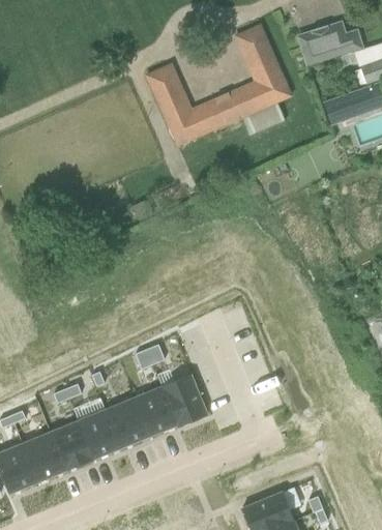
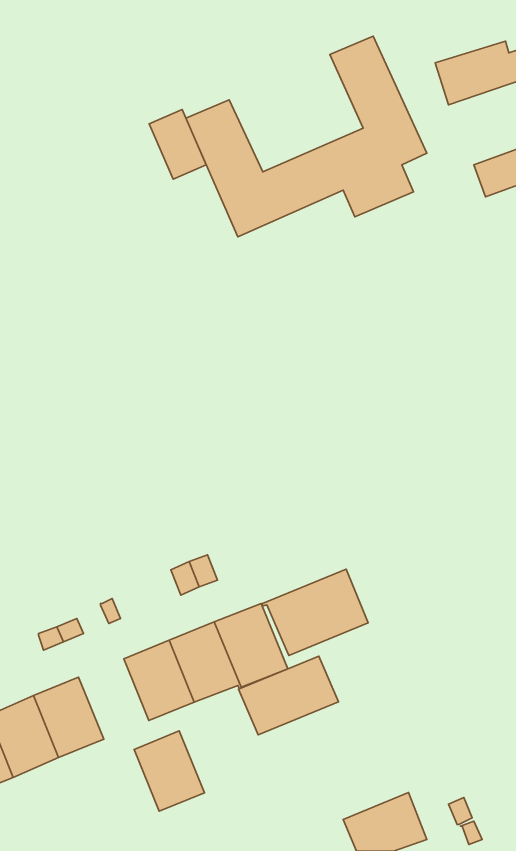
building: none -> [149,110,206,179]
building: none -> [262,569,368,656]
building: none -> [238,656,338,735]
building: [79,408,122,458] -> [134,731,204,811]

